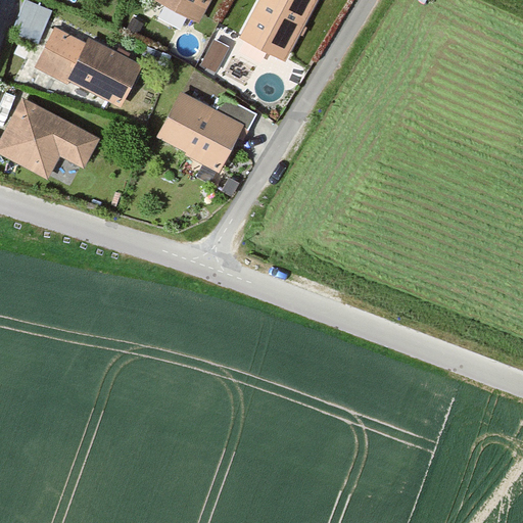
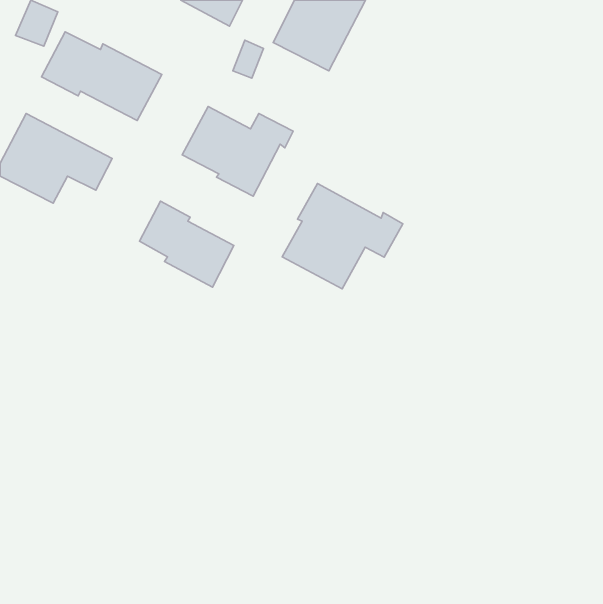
building: none -> [282,183,403,289]
building: none -> [139,201,234,287]

